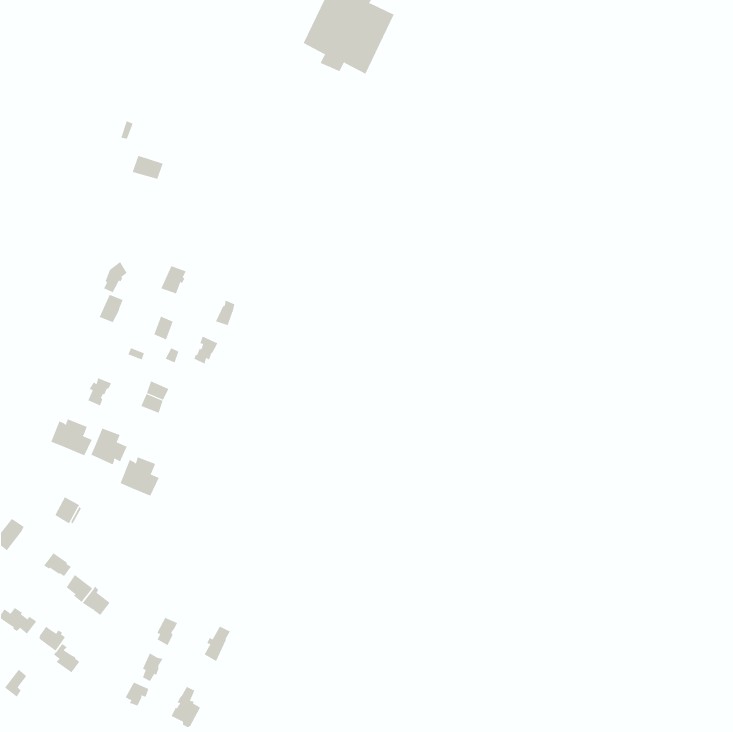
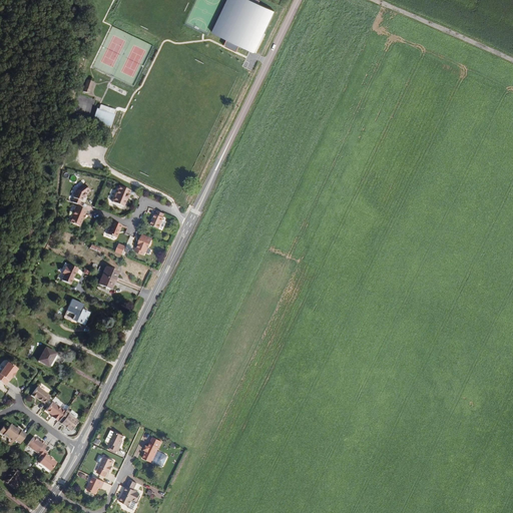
building: [51,418,93,456] -> none
building: [120,456,159,497] -> none

